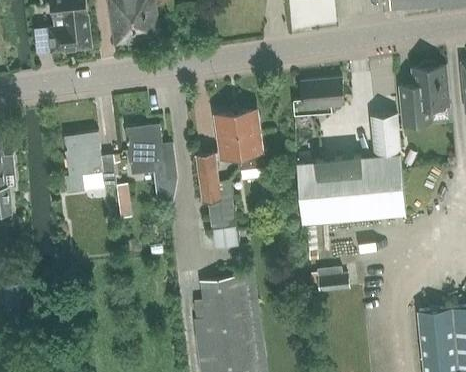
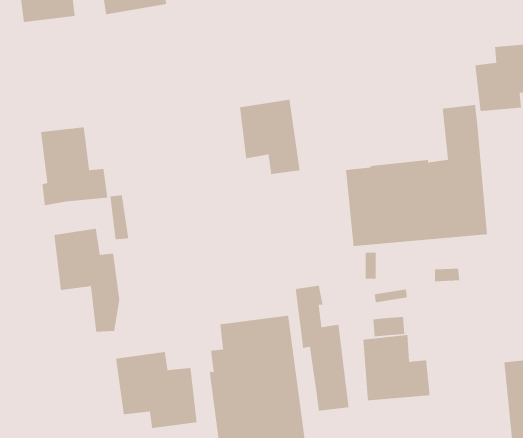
building: [293,79,343,119] -> none
building: [126,124,177,204] -> [53,228,120,333]
building: [196,152,238,249] -> [295,285,350,412]
building: none -> [362,334,430,401]
building: none -> [115,351,198,429]

